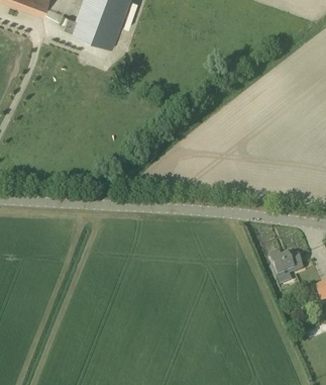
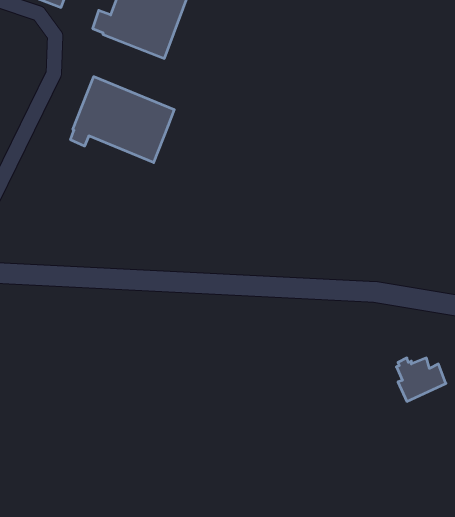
building: none -> [71,77,174,163]

